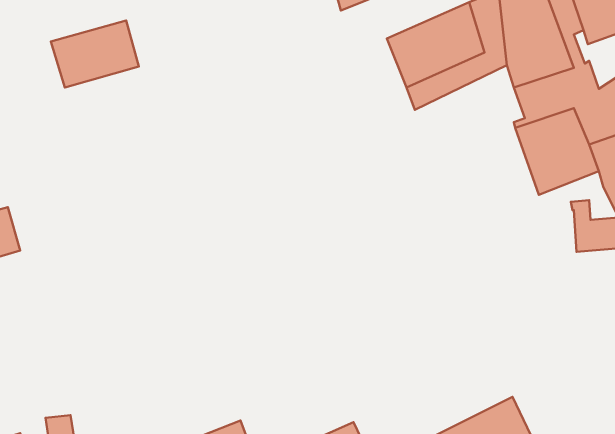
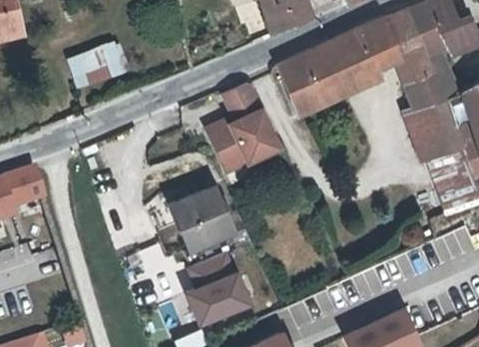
building: none -> [269,53,326,118]
building: none -> [209,81,282,169]
building: none -> [170,189,229,249]
building: none -> [178,249,252,324]

